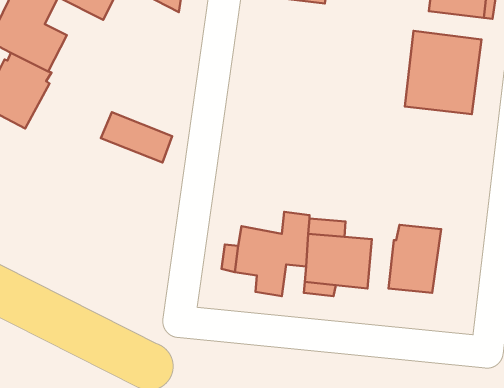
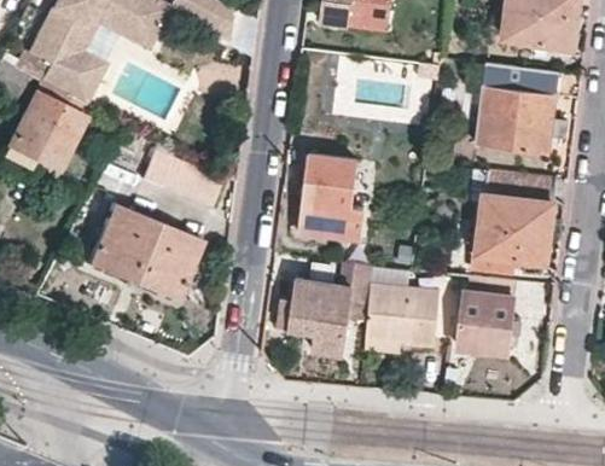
building: none -> [299,153,366,238]
building: none -> [473,170,557,273]
building: none -> [88,204,203,303]

